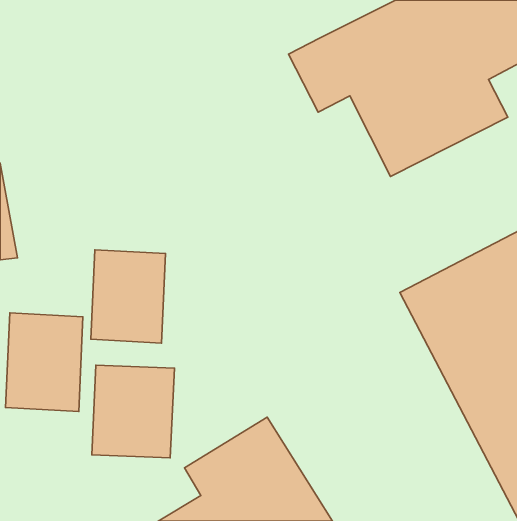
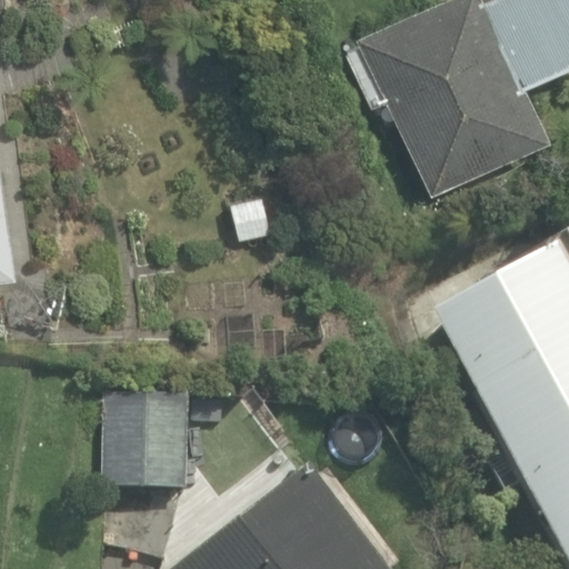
building: [91,250,166,343] -> none
building: [5,313,83,411] -> none

